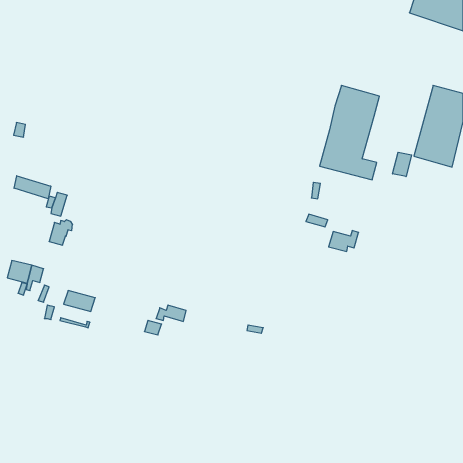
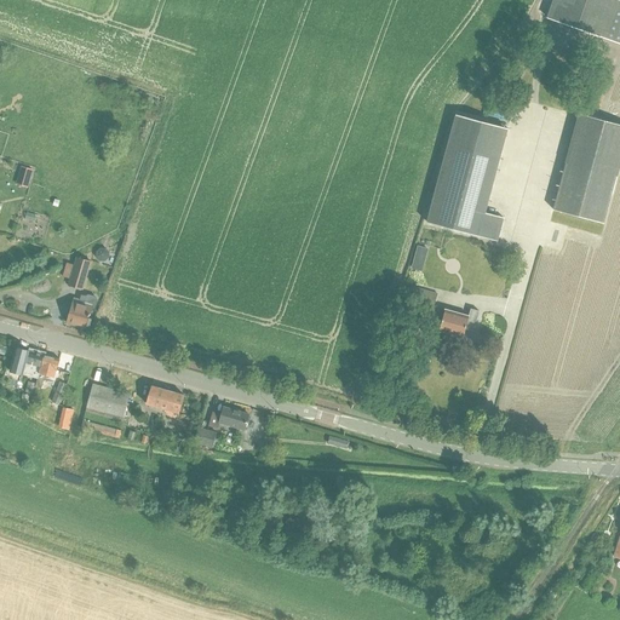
building: [393,152,412,177] -> none
building: [14,176,51,199] -> none
building: none -> [145,385,183,412]

